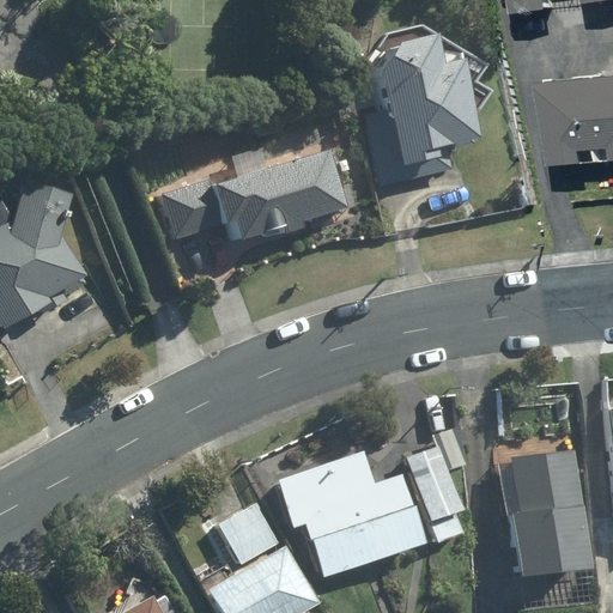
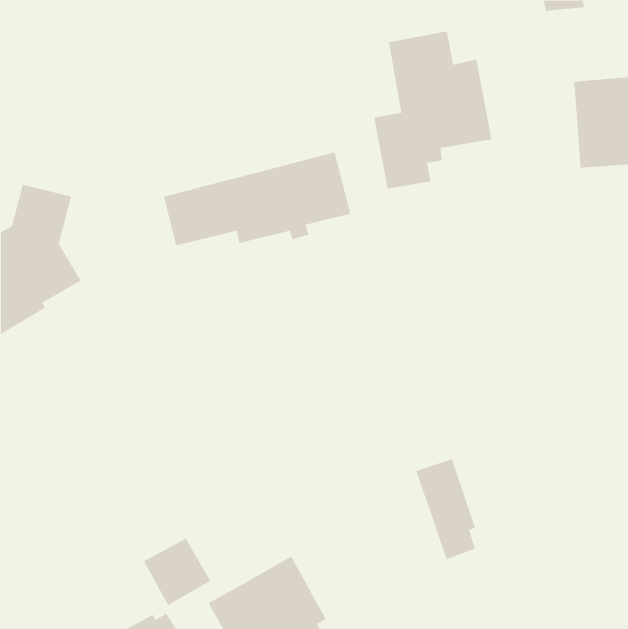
building: [277,451,426,577] -> none
building: [499,455,589,577] -> none
building: [216,502,281,568] -> [143,538,211,606]

